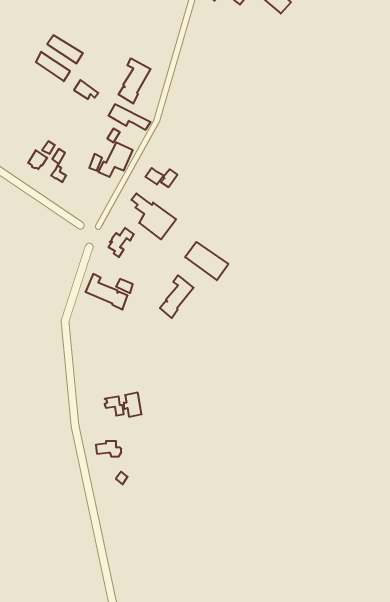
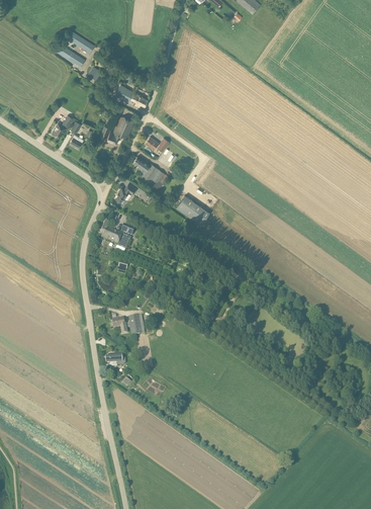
building: [119,58,151,104] -> none
building: [160,275,194,318] -> none

